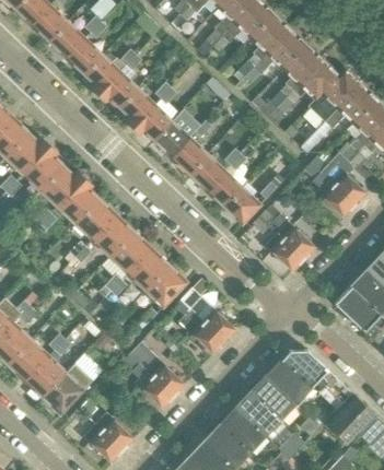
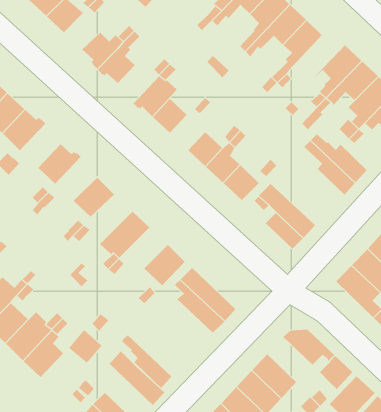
building: [66,38,102,73] -> none
building: [292,59,338,99] -> none
building: [119,89,154,127] -> none
building: [171,138,206,173] -> none
building: [22,146,62,190] -> none
building: [57,179,98,223] -> none
building: [92,216,133,257] -> none
building: [127,249,168,290] -> none
building: [129,342,185,397] -> [109,350,165,406]
building: [267,357,312,402] -> none
building: [43,374,83,414] -> none

